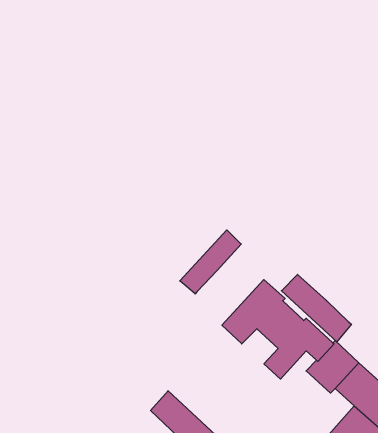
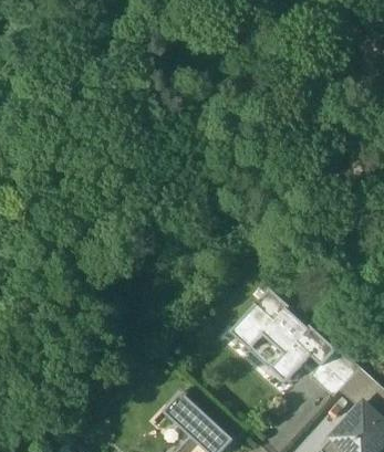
building: [180,230,241,294] -> none
building: [281,274,351,342] -> none

